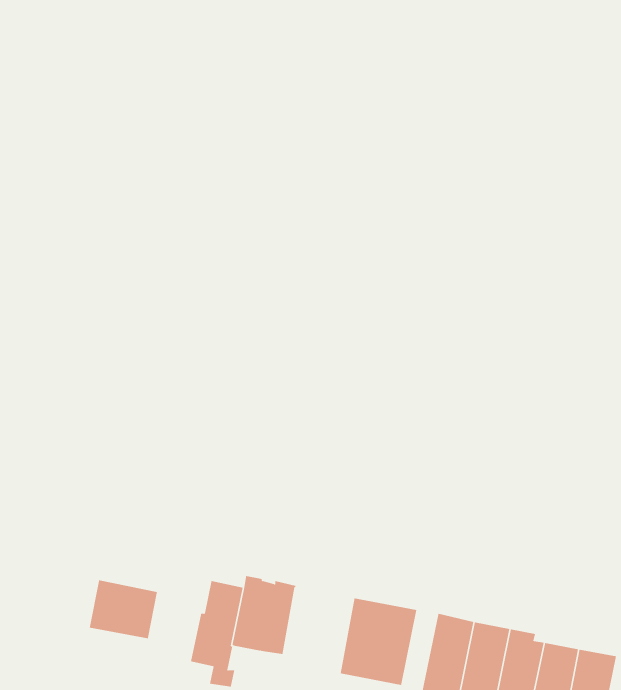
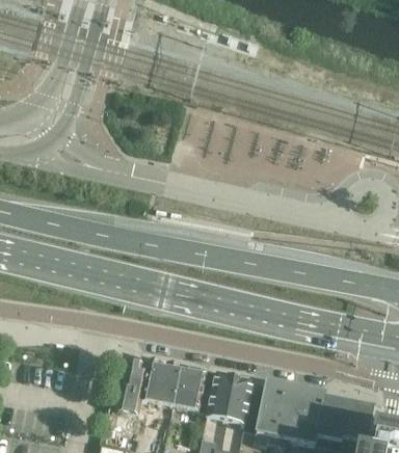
building: [89,579,158,639] -> none
building: none -> [174,369,208,415]

